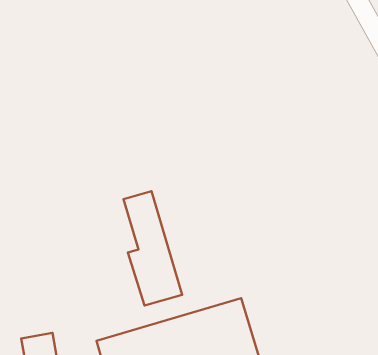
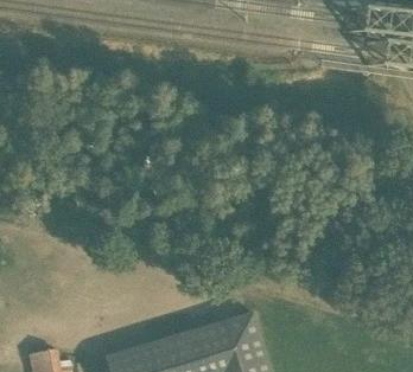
building: [123,191,182,306] -> none

